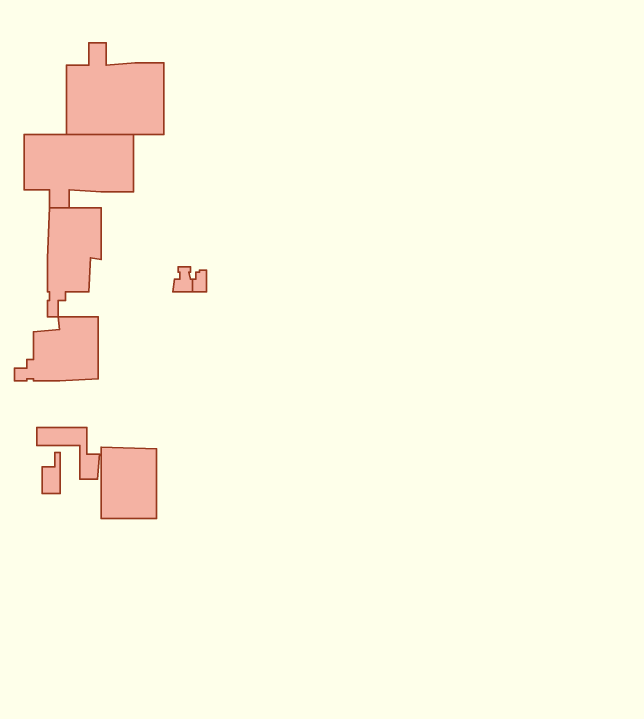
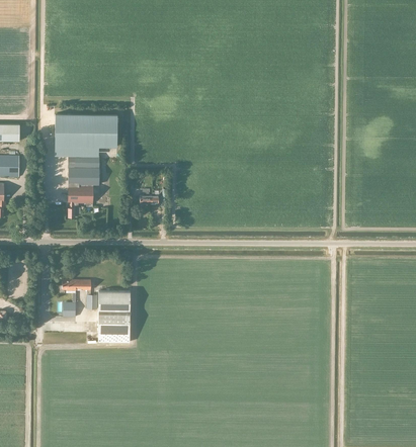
building: [66,43,164,135] -> none
building: [14,317,98,381] -> none

